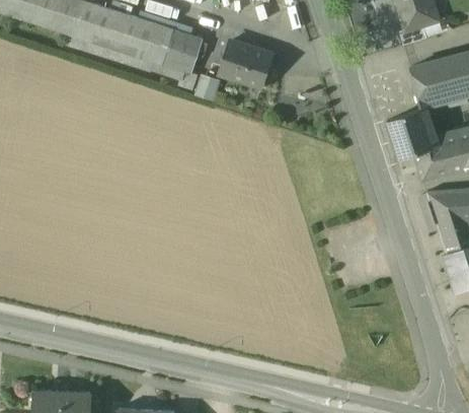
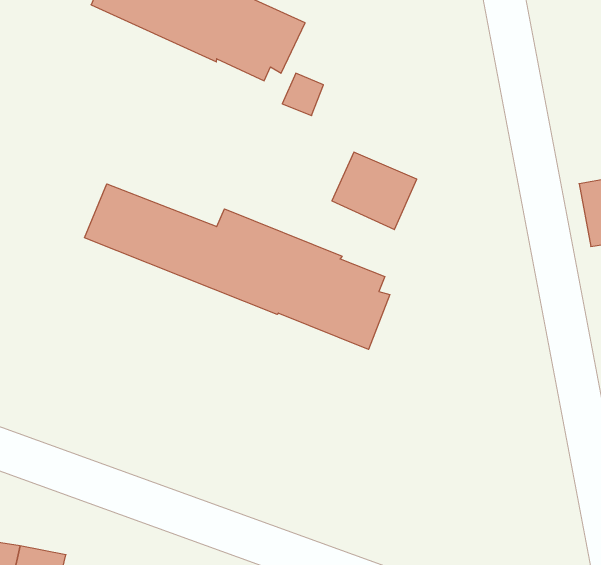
building: [220,41,271,86] -> [332,152,417,230]
building: none -> [85,184,390,349]

